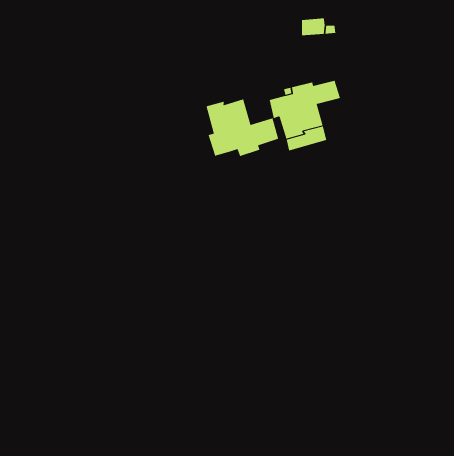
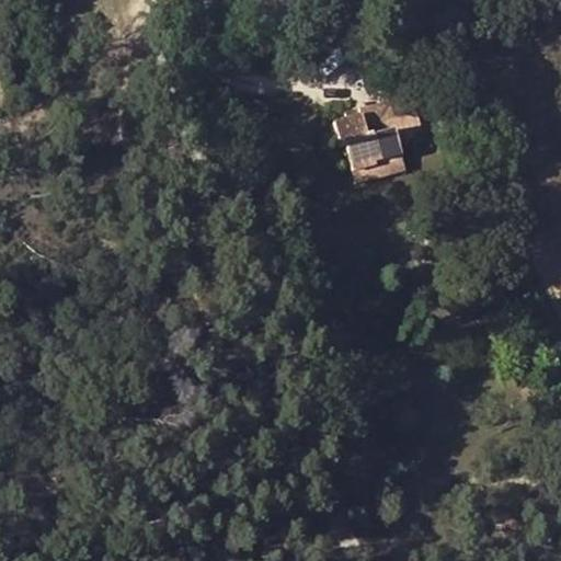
building: [206,98,279,157] -> none

